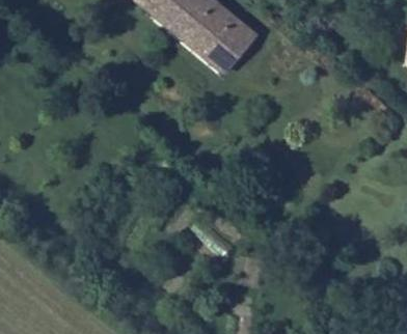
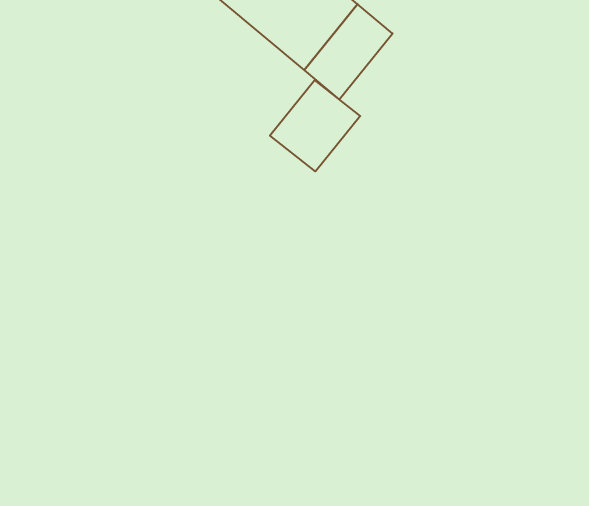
building: none -> [270,80,360,171]

